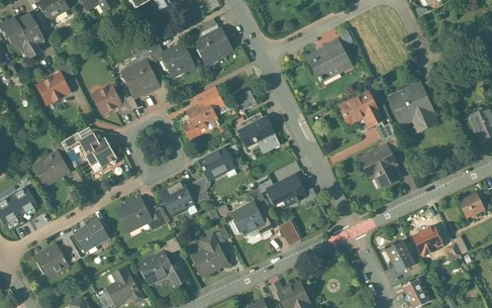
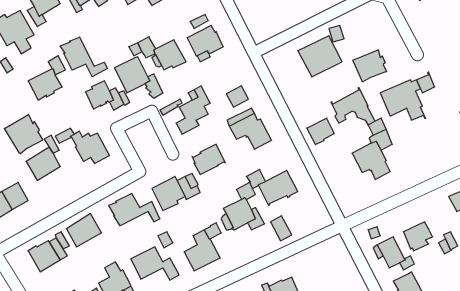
building: none -> [60,37,107,77]
building: none -> [353,50,386,82]
building: none -> [4,114,43,154]
building: none -> [307,118,334,145]

